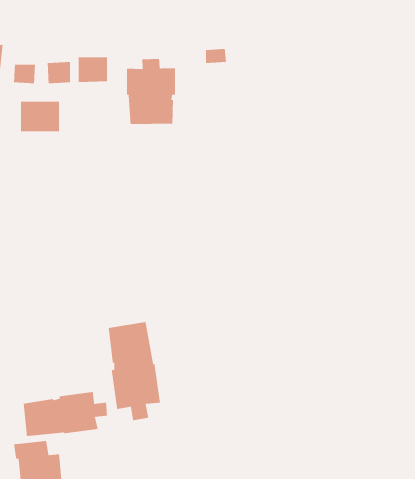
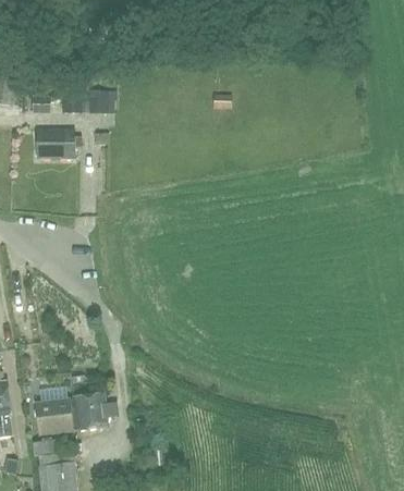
building: [126,58,176,125] -> none
building: [108,321,161,421] -> none

